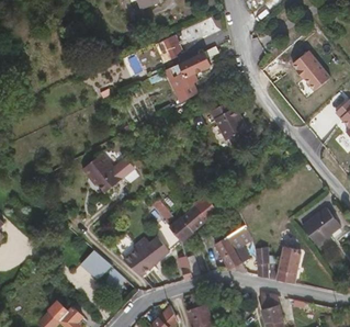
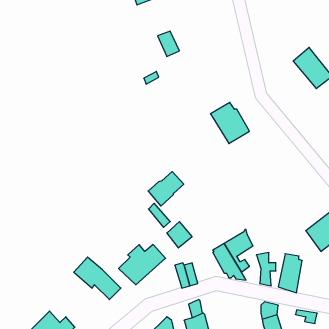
building: [165,46,217,102] -> none
building: [82,153,122,191] -> none
building: [182,198,216,230] -> [148,172,184,206]

